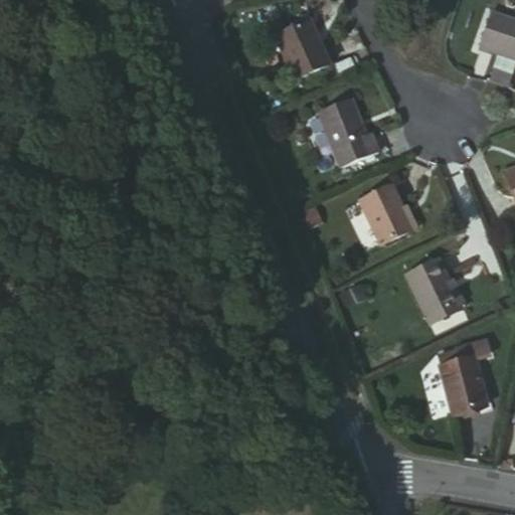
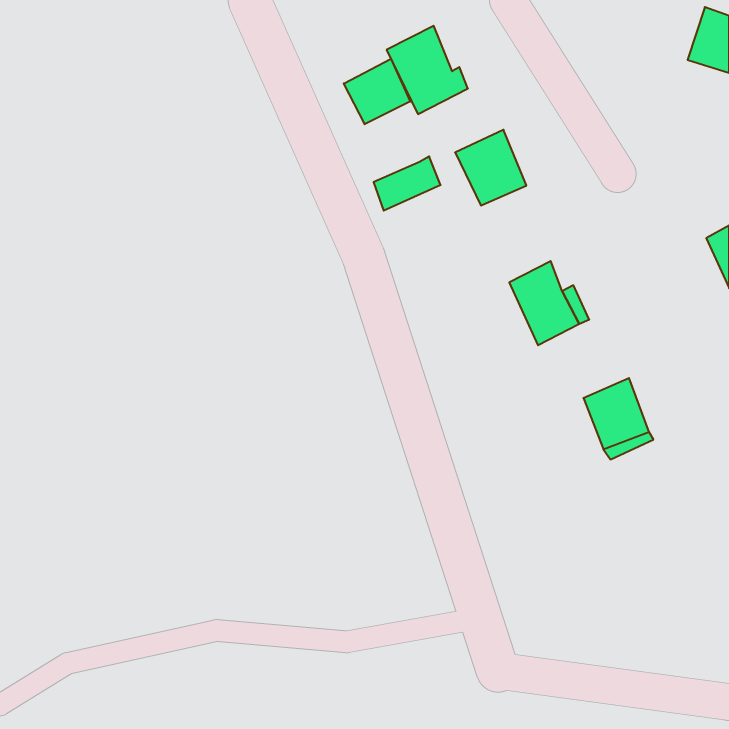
building: none -> [344,59,410,124]
building: [339,127,386,165] -> [374,156,441,211]
building: [440,355,490,414] -> none

